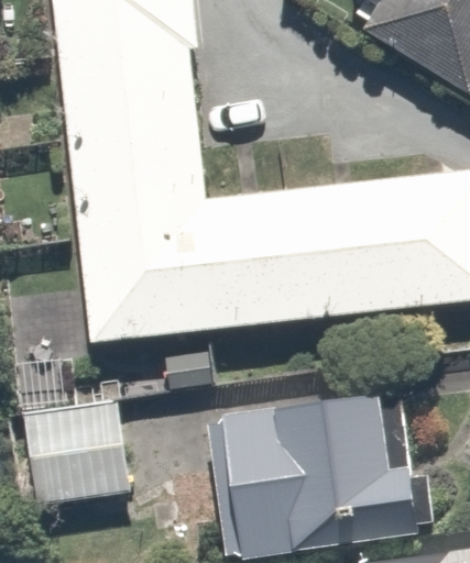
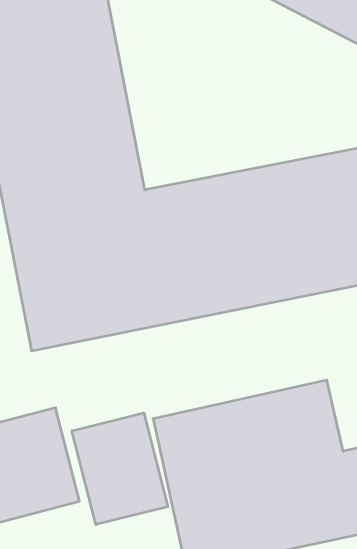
building: none -> [72,413,168,525]

